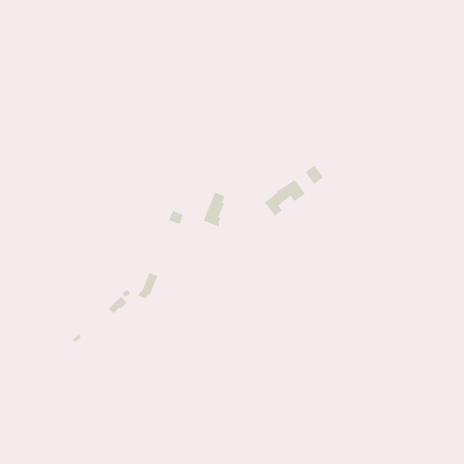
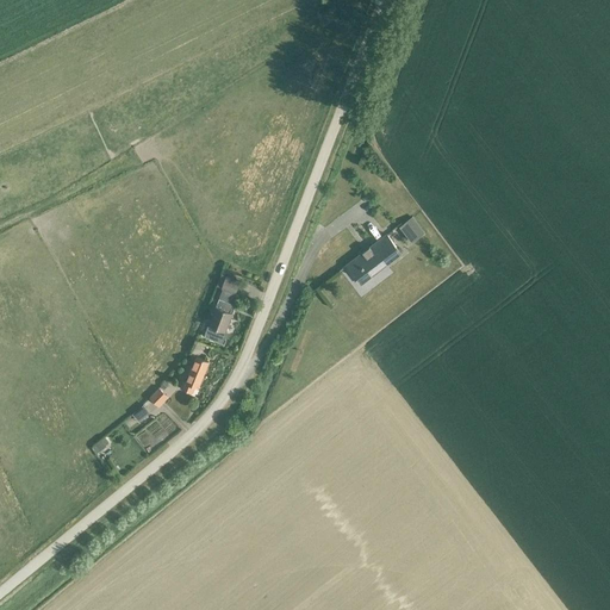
building: [203,192,226,227] -> [203,299,232,346]

